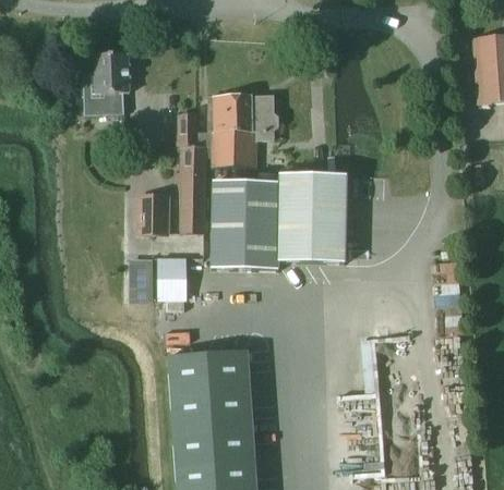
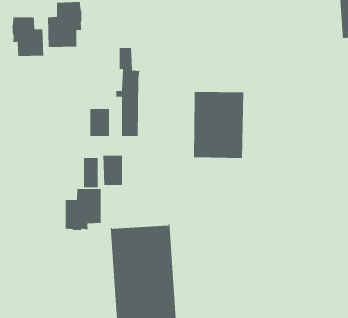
building: none -> [11,17,44,57]
building: [206,95,278,167] -> none
building: [212,180,279,270] -> none
building: none -> [65,188,101,231]

